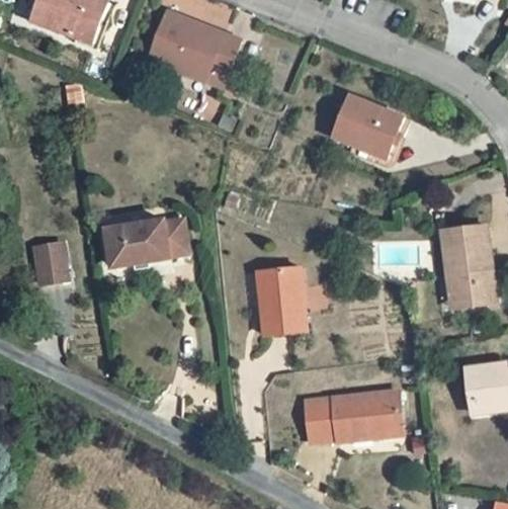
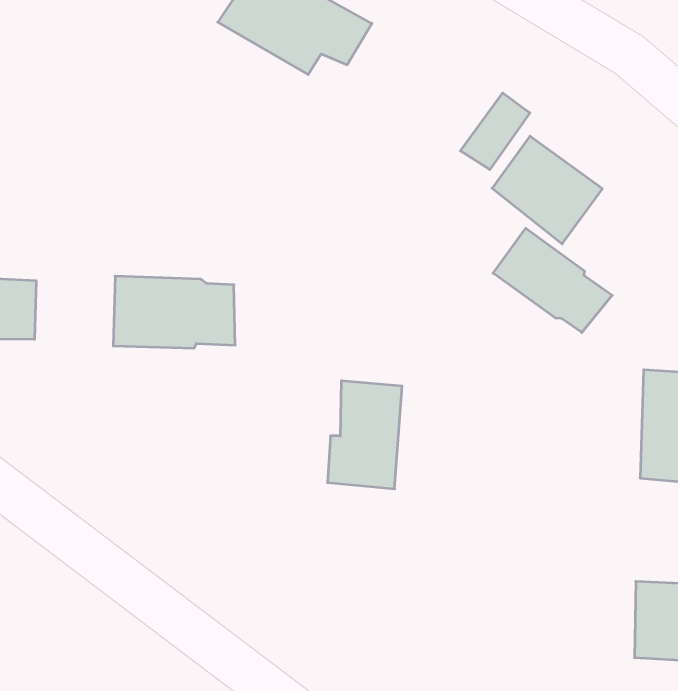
building: none -> [460,93,530,170]
building: none -> [493,228,612,333]
building: [300,398,392,442] -> none

